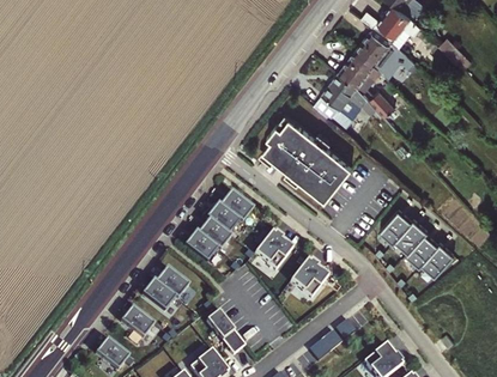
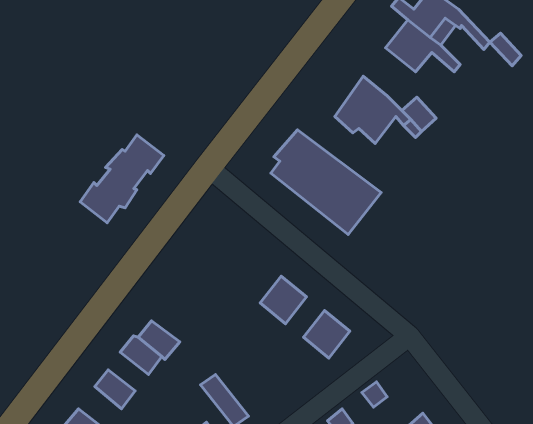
building: [338,48,382,86] -> none
building: [186,190,253,261] -> [80,135,164,223]
building: [382,207,449,278] -> none

